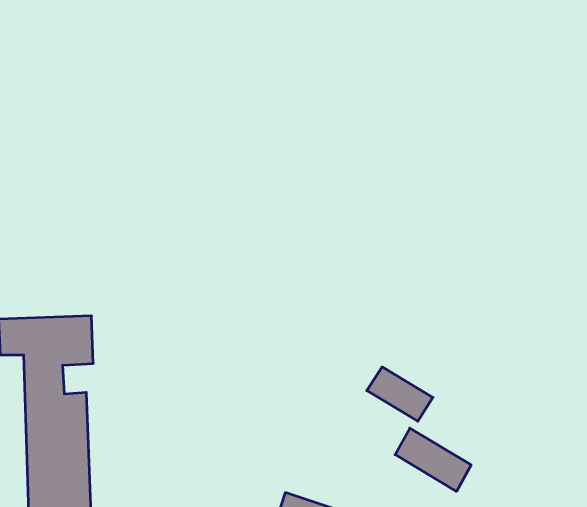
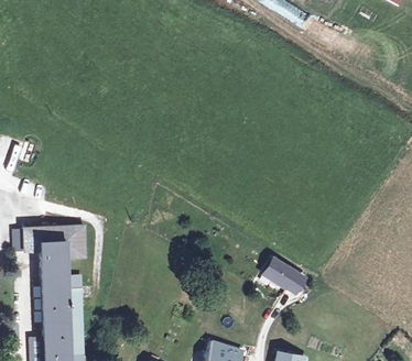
building: [395,428,471,491] -> none

